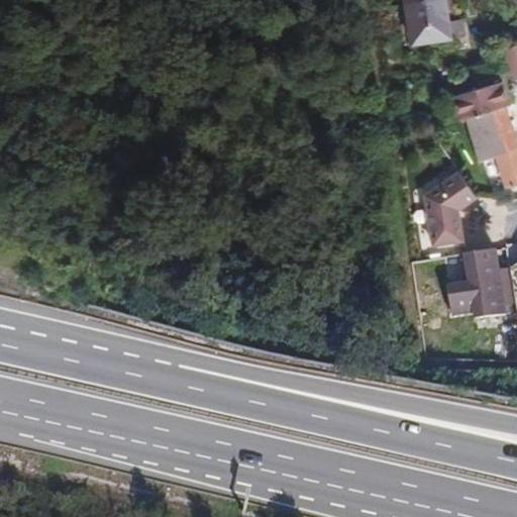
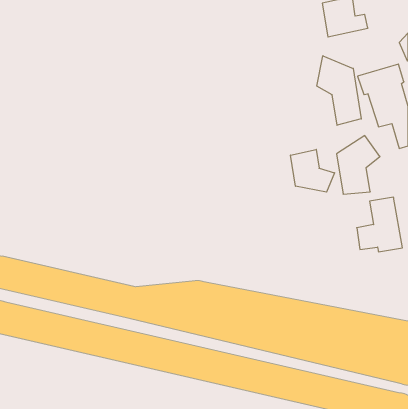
building: none -> [317,56,361,125]
building: none -> [291,149,335,192]

